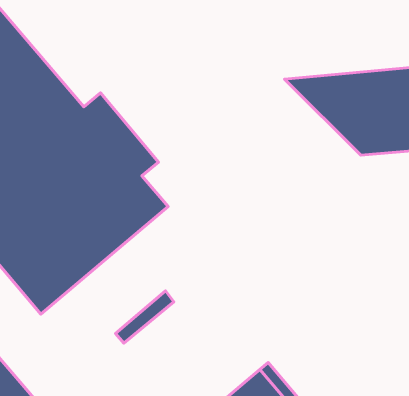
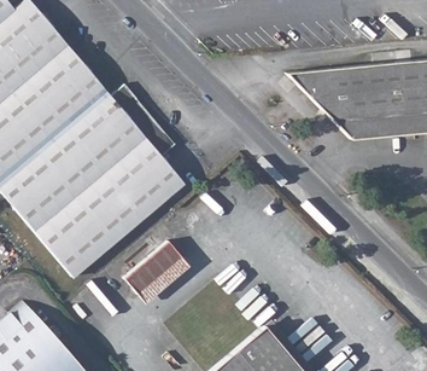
building: none -> [123,239,181,294]

